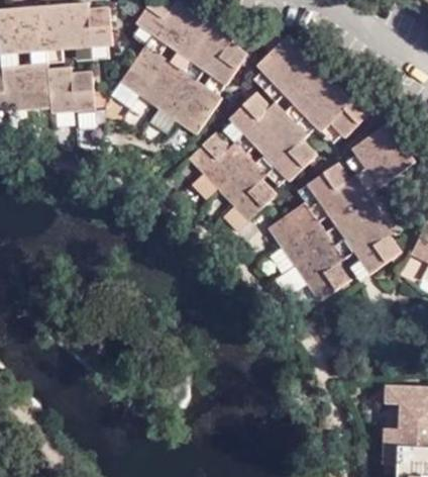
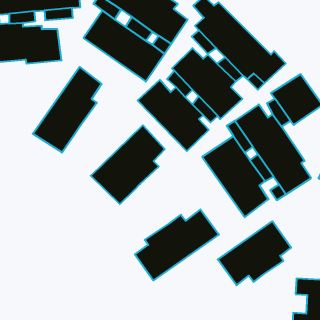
building: none -> [33,67,102,153]
building: none -> [91,125,165,204]
building: none -> [135,209,219,280]
building: none -> [218,221,291,285]

